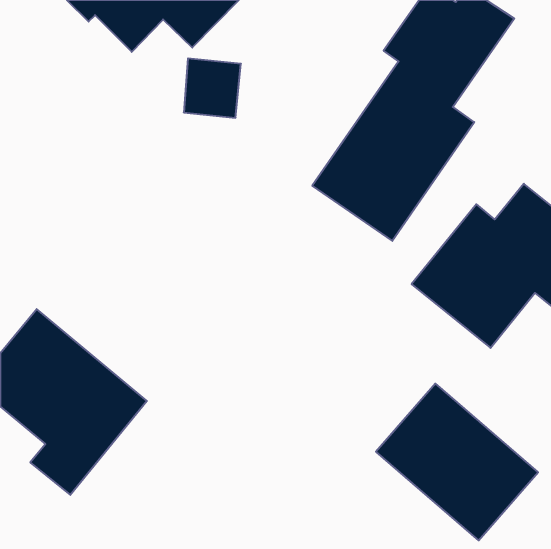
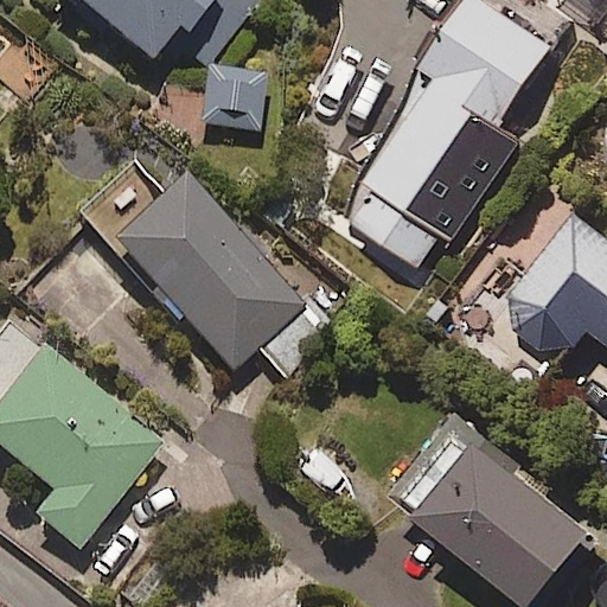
building: none -> [78,159,338,381]

